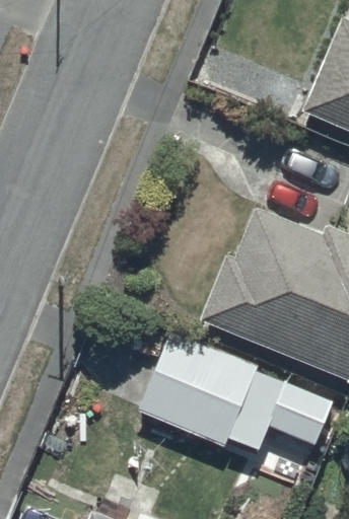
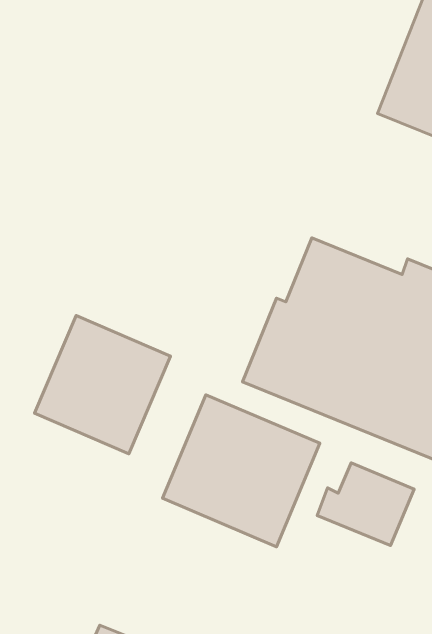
building: none -> [35,315,170,454]

